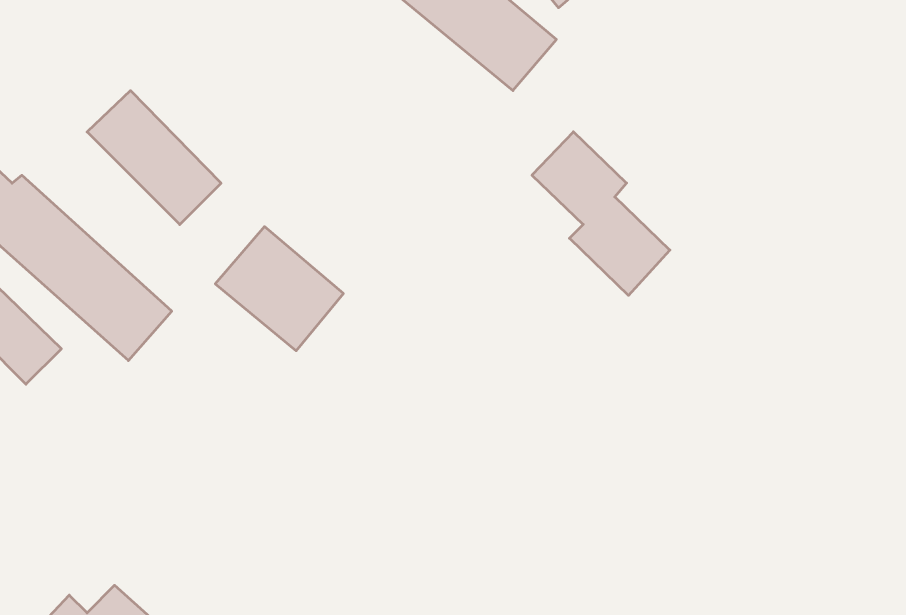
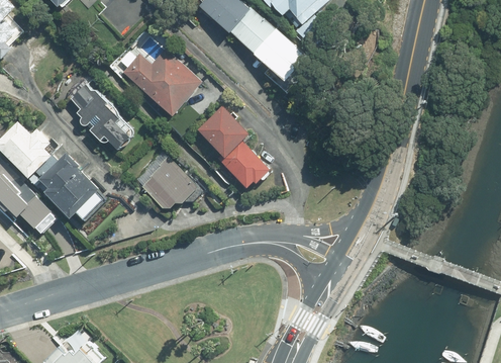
building: none -> [119,47,203,114]
building: [532,132,670,295] -> [200,105,271,189]

